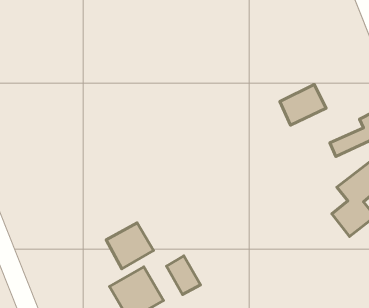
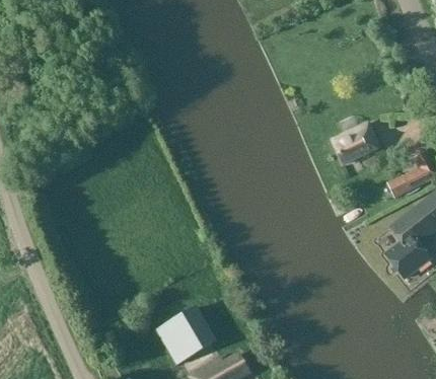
building: [106,223,153,269] -> none
building: [167,256,200,295] -> none

